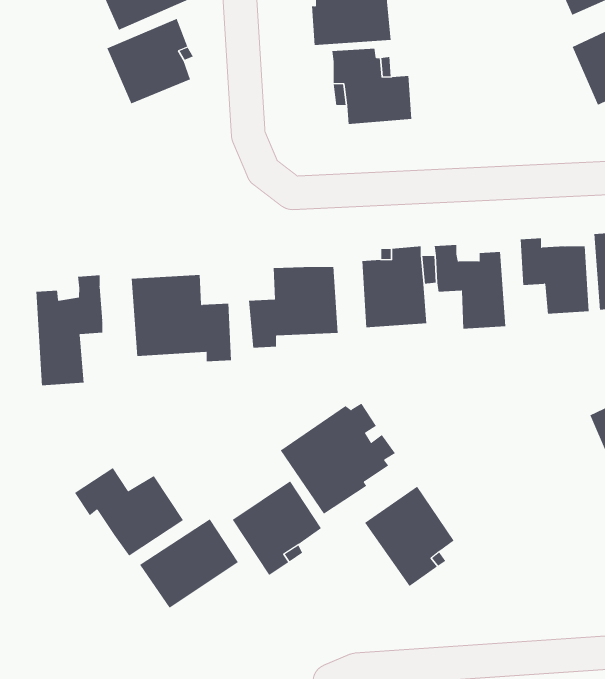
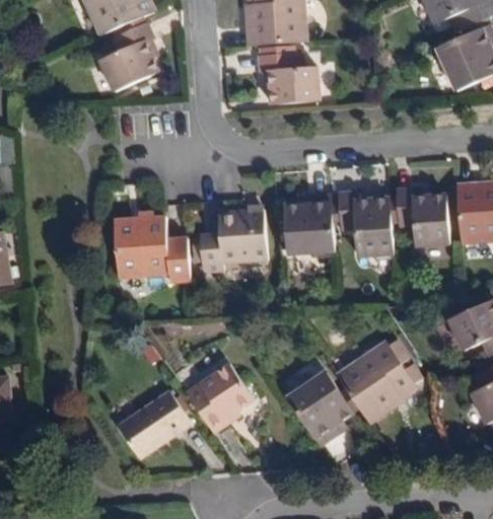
building: [36,275,103,386] -> none
building: [280,403,396,515] -> [337,340,423,423]
building: [74,467,184,556] -> none

